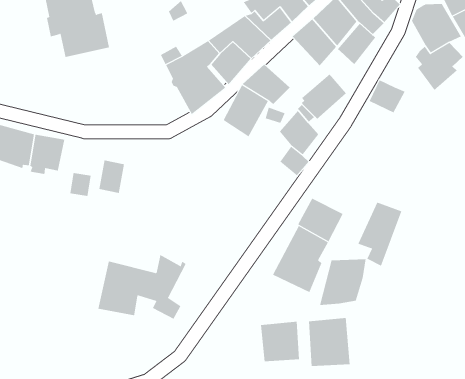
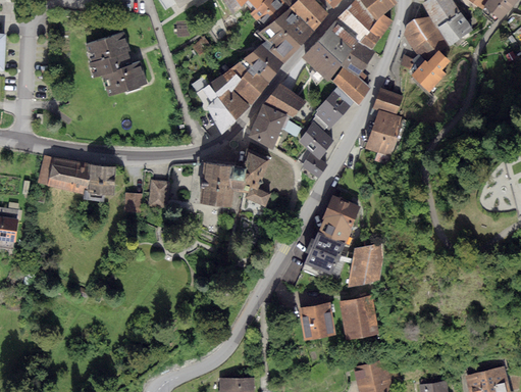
building: none -> [332,66,369,105]
building: [357,202,402,266] -> [364,111,400,166]
building: [98,254,186,320] -> [198,151,270,206]

